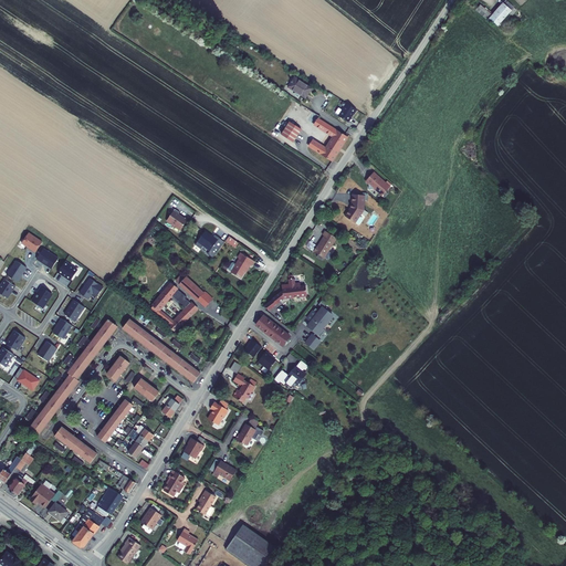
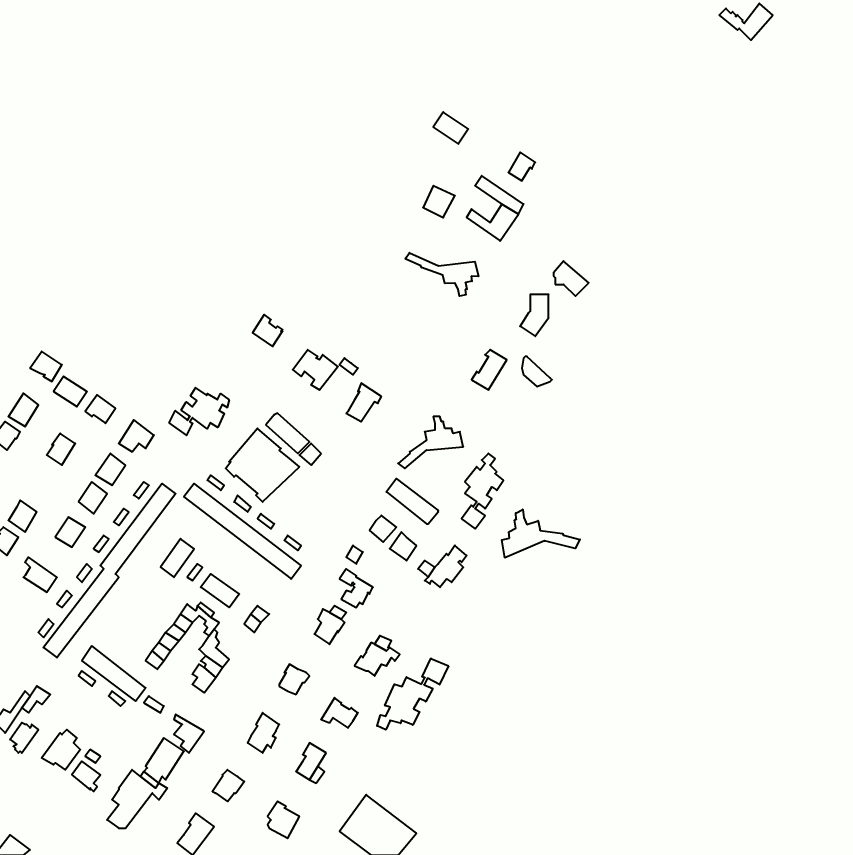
building: none -> [405,253,478,296]
building: none -> [169,388,229,435]
building: none -> [502,509,580,558]
building: none -> [377,658,448,730]

